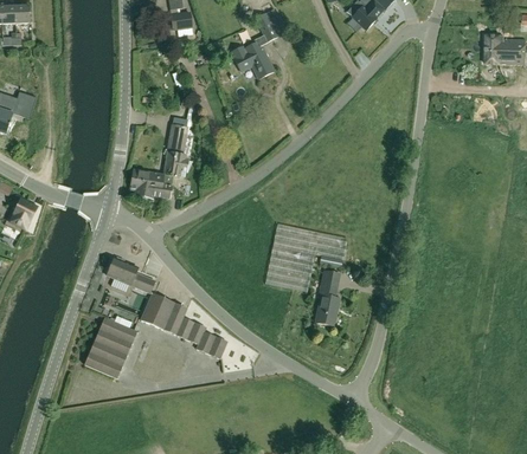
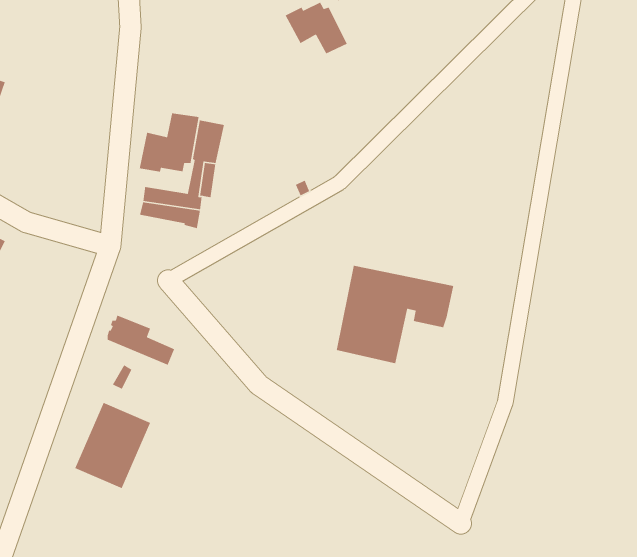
building: none -> [139,112,200,173]
building: [315,271,340,326] -> none
building: [141,294,227,358] -> none

